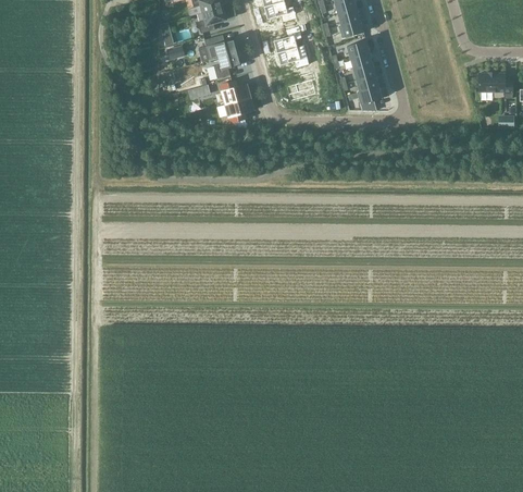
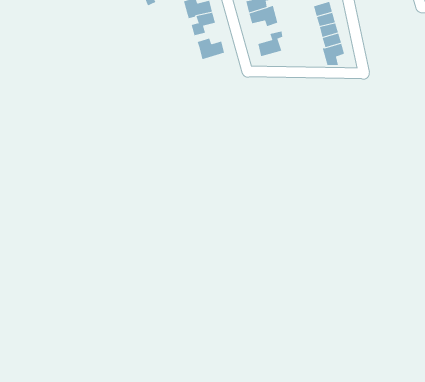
building: [225,97,253,123] -> none

